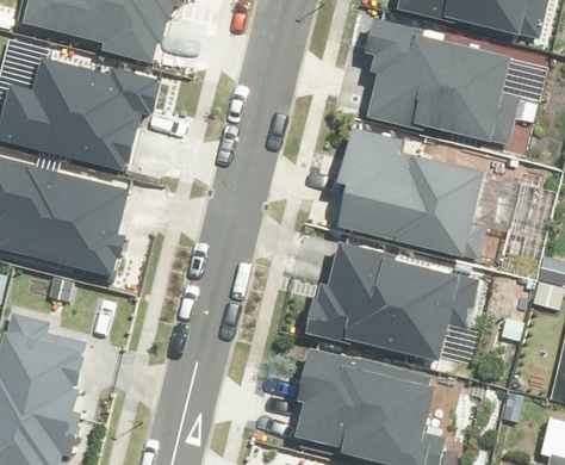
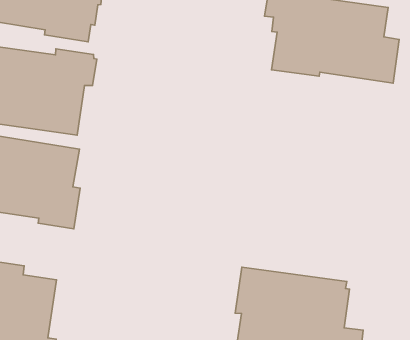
building: [336,126,485,260] -> none
building: [304,241,479,361] -> none

